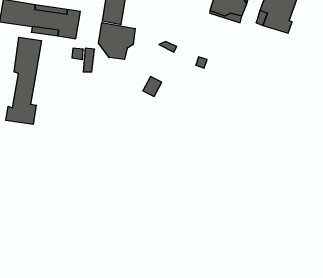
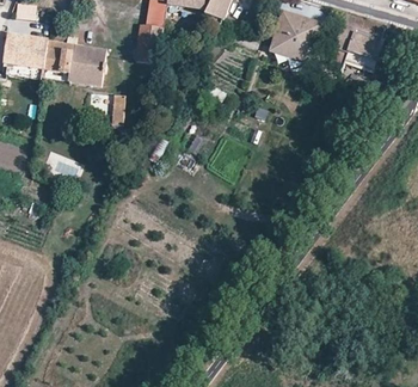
building: [98,22,135,59] -> none
building: [6,37,41,124] -> none

